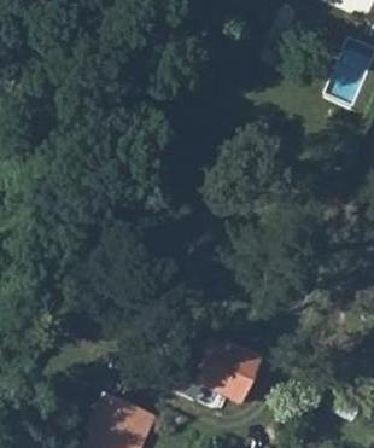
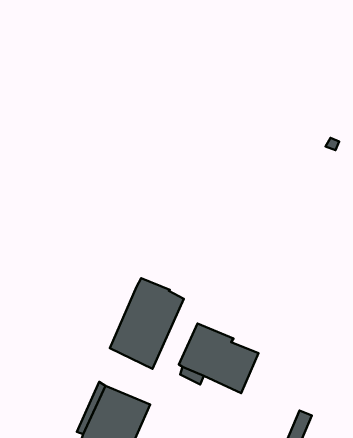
building: none -> [110,278,184,369]

